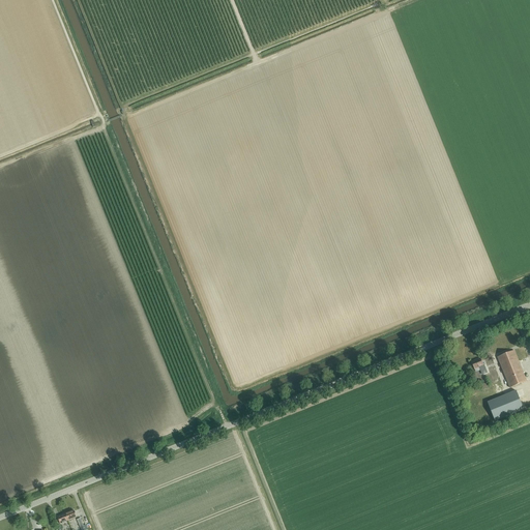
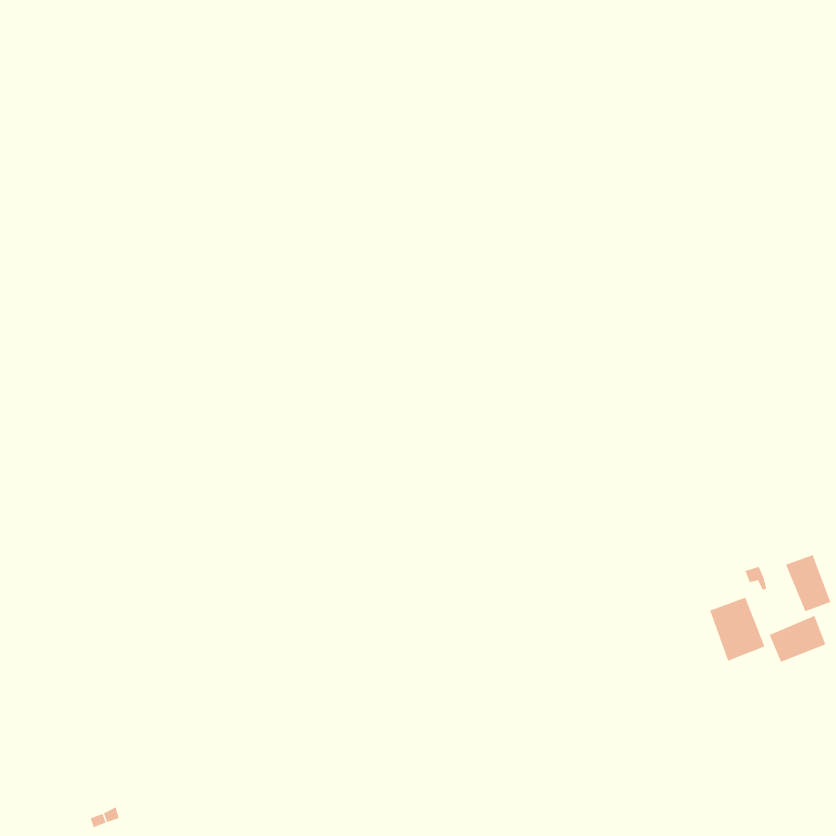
building: none -> [710,597,765,662]

